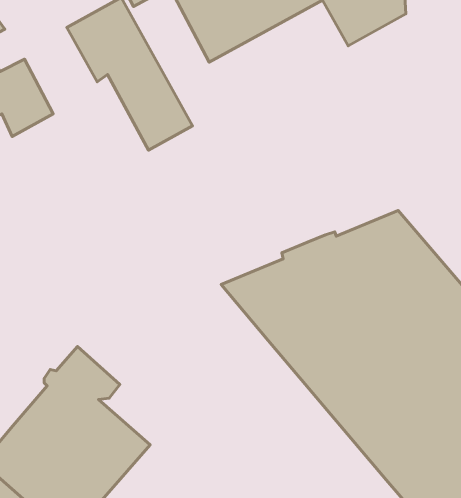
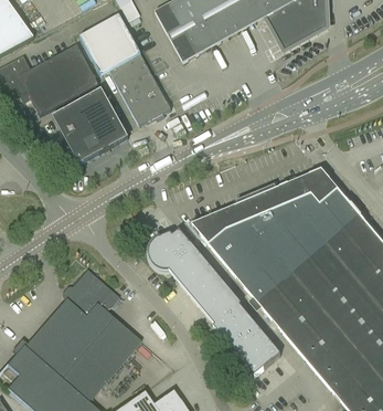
building: none -> [49,43,98,98]
building: none -> [54,89,128,164]
building: none -> [149,228,280,375]

